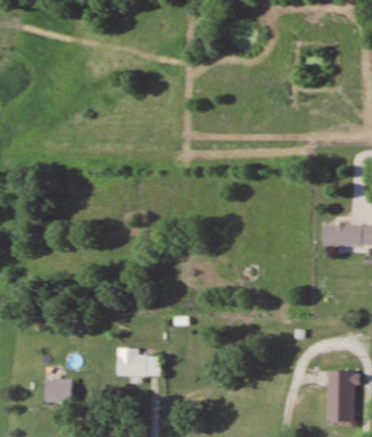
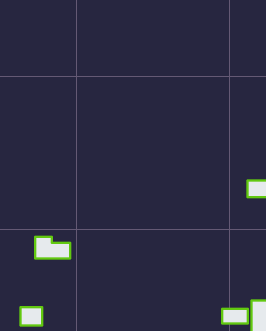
building: [118,349,161,375] -> [35,237,70,259]
building: none -> [222,309,248,323]

